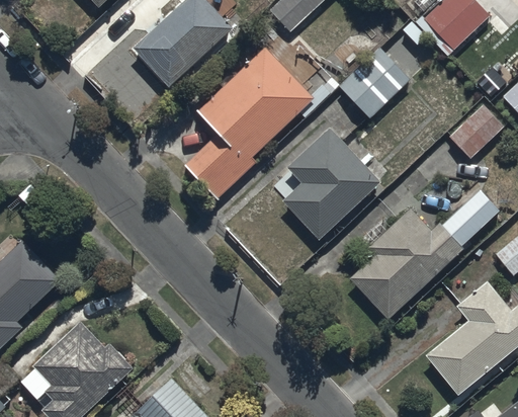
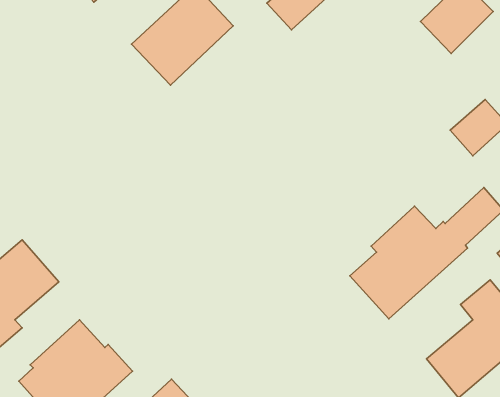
building: [339,46,413,117] -> none
building: [183,47,315,201] -> none
building: [268,127,381,239] -> none

